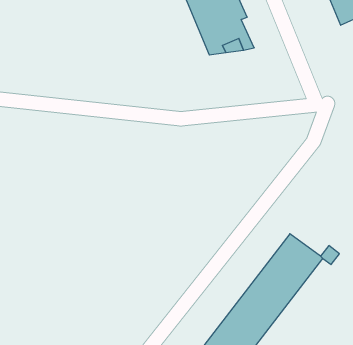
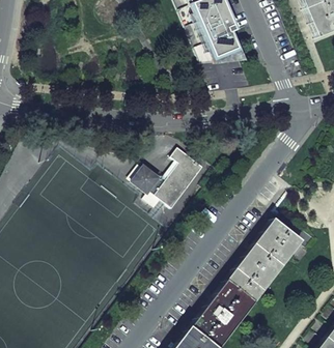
building: none -> [135,146,206,207]

